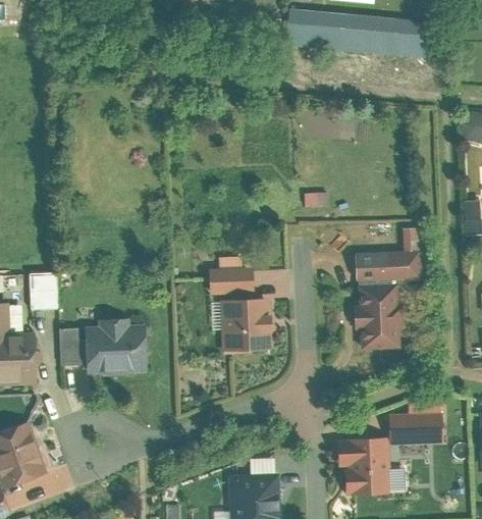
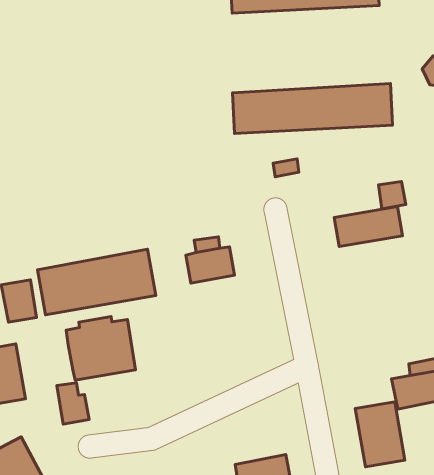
building: none -> [232,83,393,133]
building: none -> [38,249,156,315]
building: [354,283,405,350] -> none
building: [220,299,272,352] -> none
building: [59,327,86,365] -> [57,383,89,424]

